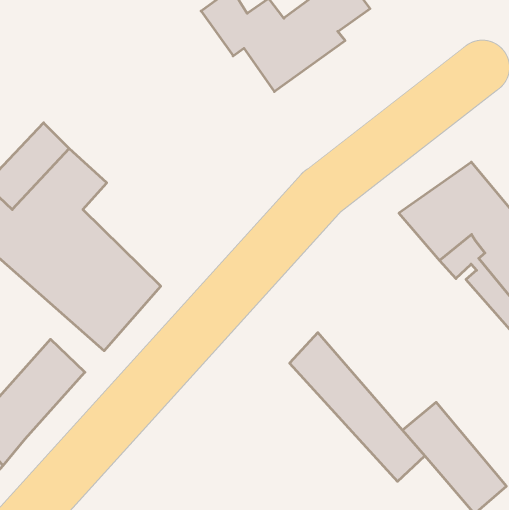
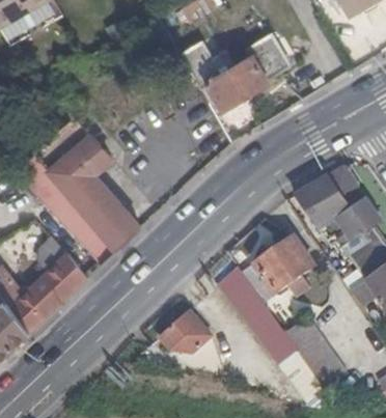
building: none -> [254,238,313,294]
building: none -> [160,311,212,354]

